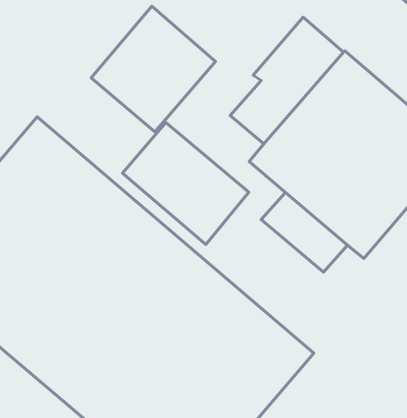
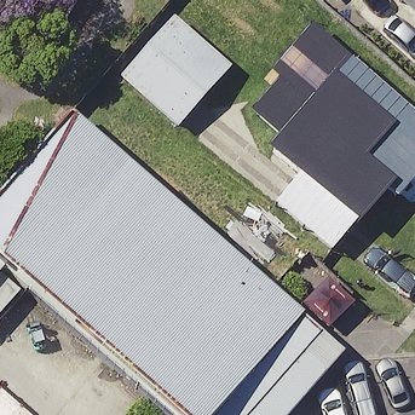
building: [122,122,249,245] -> none

